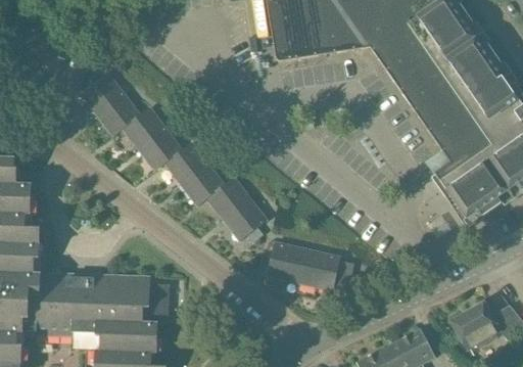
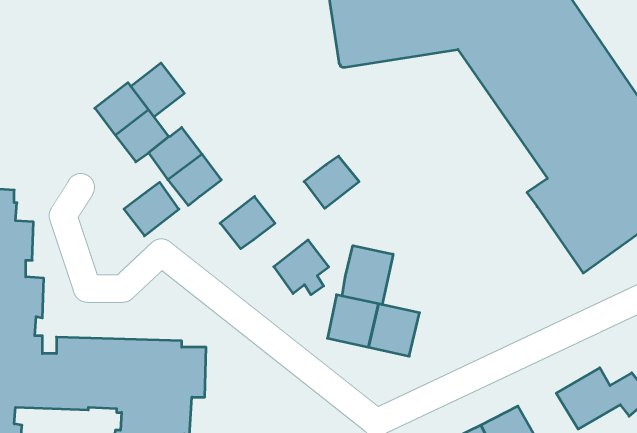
building: none -> [131,63,184,117]
building: [164,142,208,185] -> [124,182,179,236]
building: [207,178,251,220] -> [304,156,359,208]
building: none -> [342,246,393,305]

